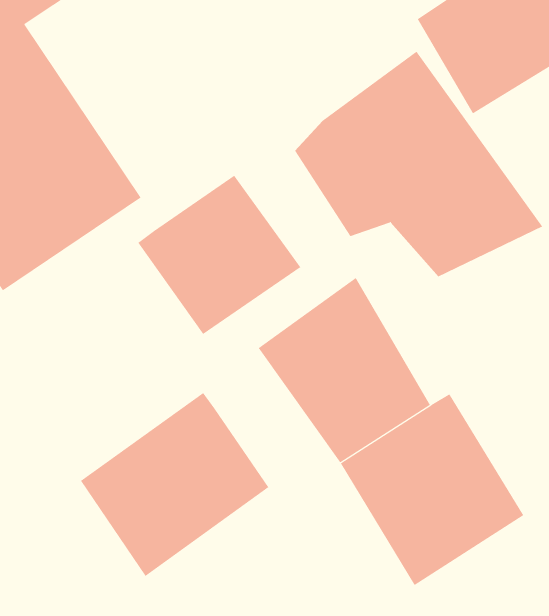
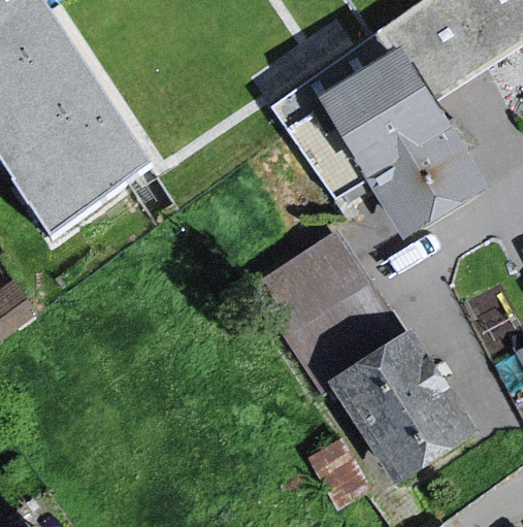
building: [137,175,301,335] -> none
building: [80,392,269,577] -> none

